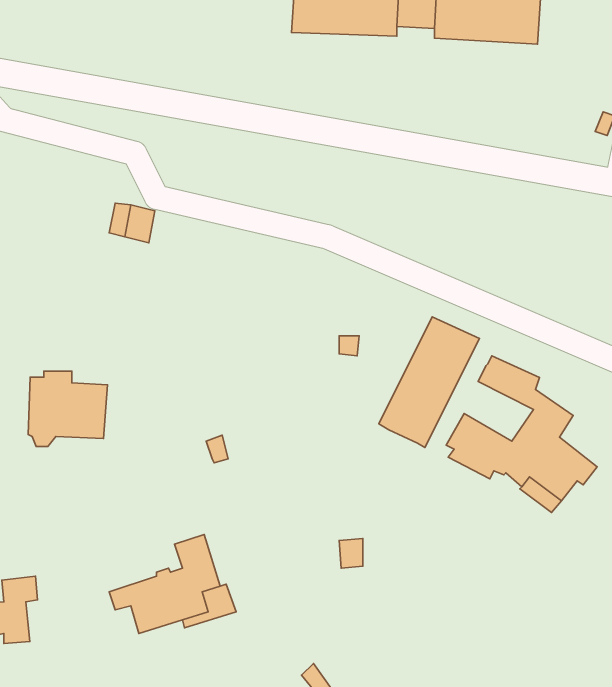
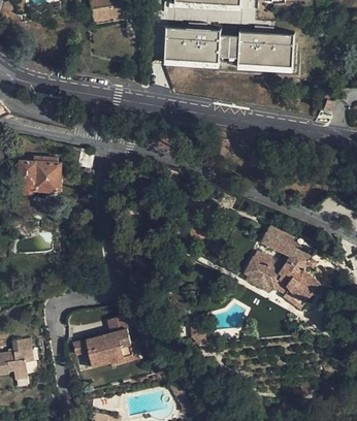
building: [379,317,479,447] -> none
building: [28,371,107,446] -> [20,155,61,194]

